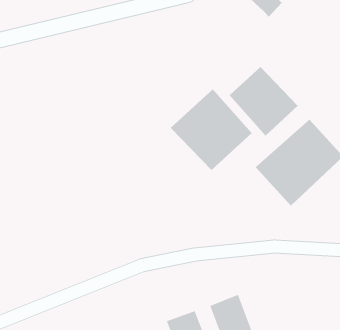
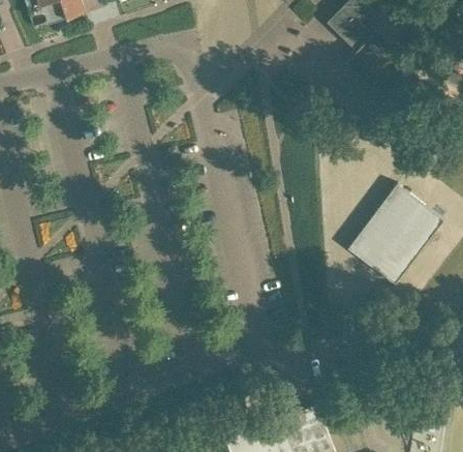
building: [229,66,299,136] -> none
building: [170,88,253,171] -> none

